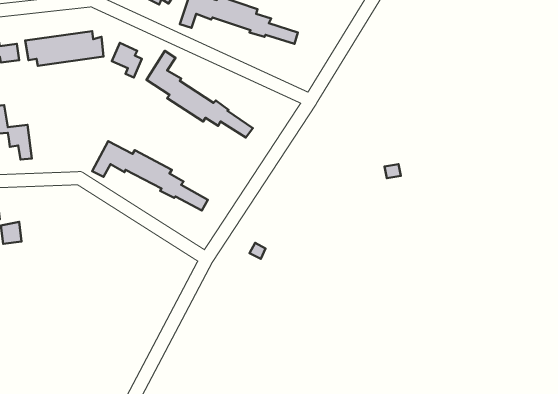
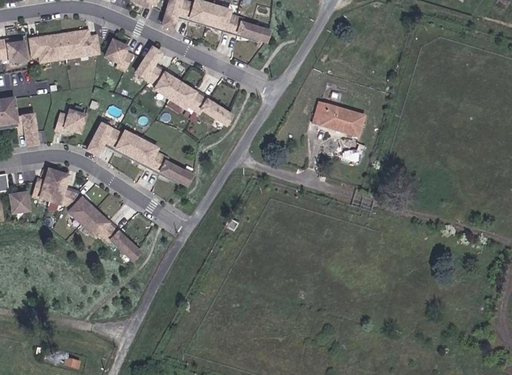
building: none -> [314,98,365,131]
building: none -> [57,113,86,134]
building: none -> [37,169,141,260]

